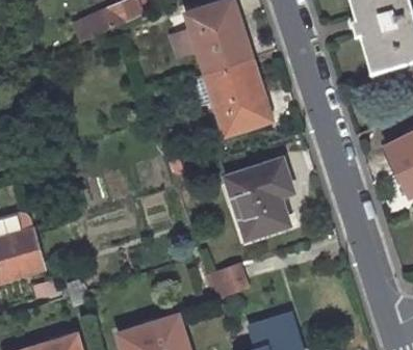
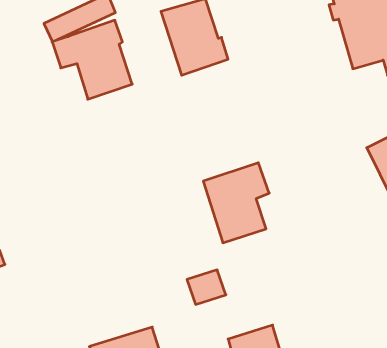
building: [189,59,266,135] -> [52,20,132,99]

